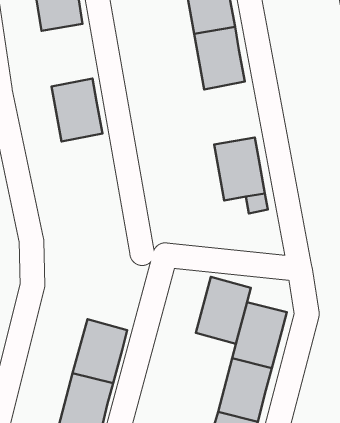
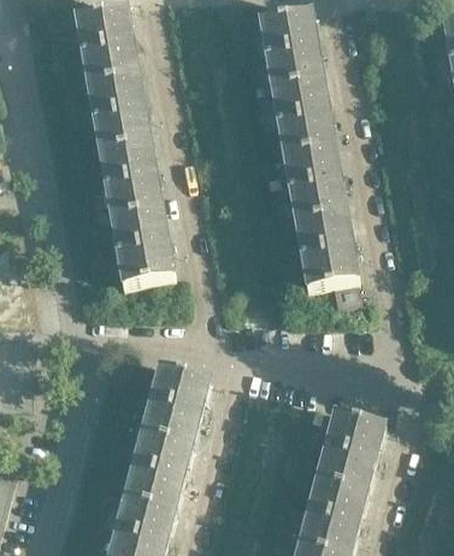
building: none -> [87,70,148,146]
building: none -> [283,140,344,216]
building: none -> [111,203,172,280]
building: [196,277,251,344] -> [142,359,208,440]

